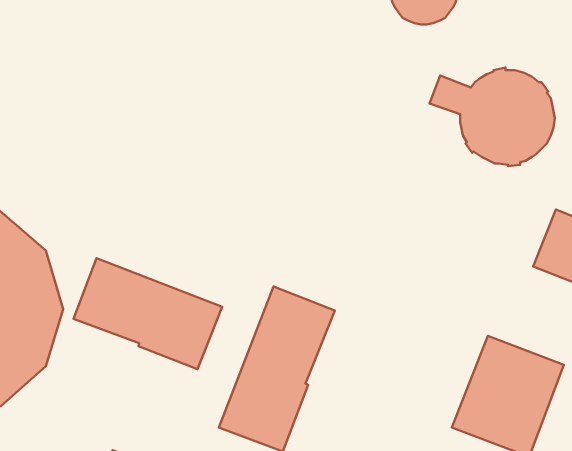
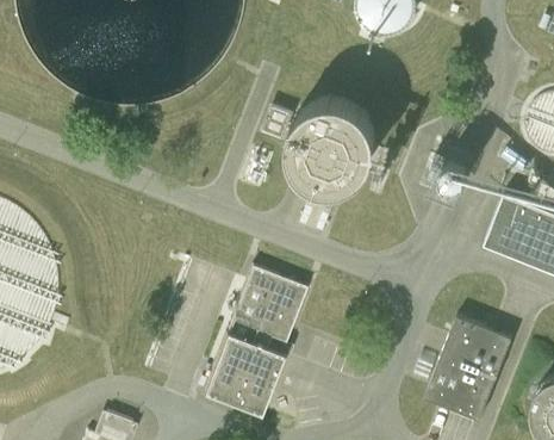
building: [430,68,555,166] -> [263,99,375,187]
building: [73,258,222,369] -> none

